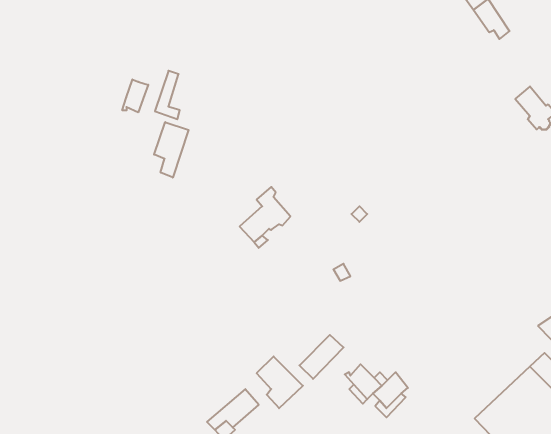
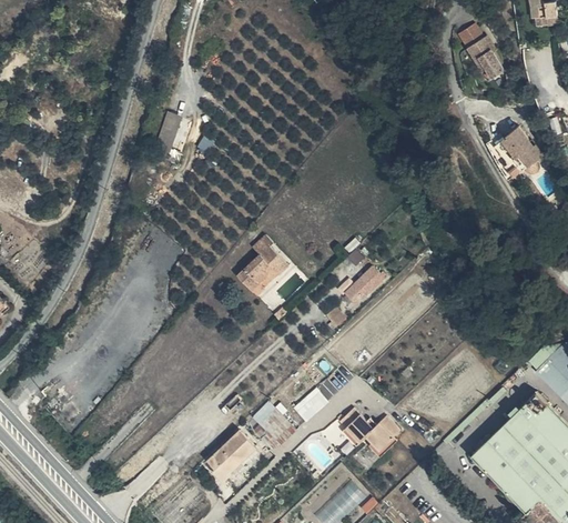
building: [122,79,148,112] -> none
building: [154,122,189,178] -> none
building: none -> [345,266,384,302]

